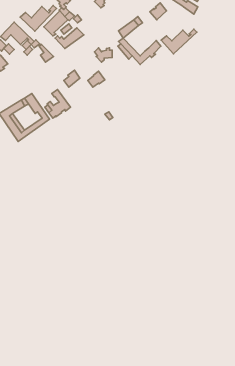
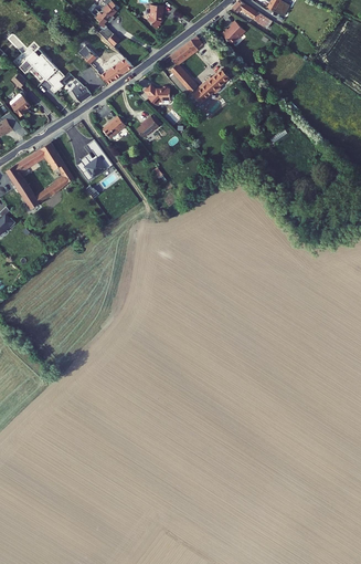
building: [20,5,57,31] -> none
building: [161,29,197,54] -> none

